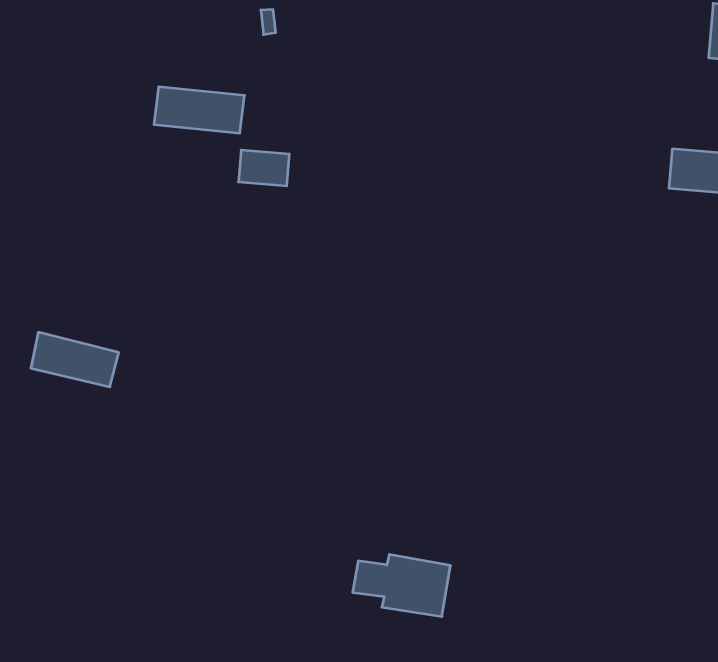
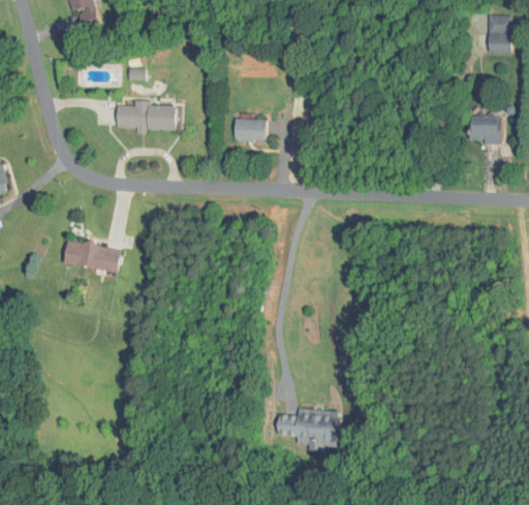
building: [238,150,289,186] -> [235,119,268,140]
building: [31,332,119,387] -> [61,239,120,272]

